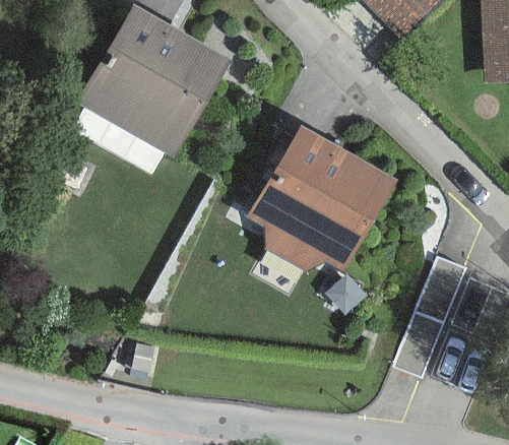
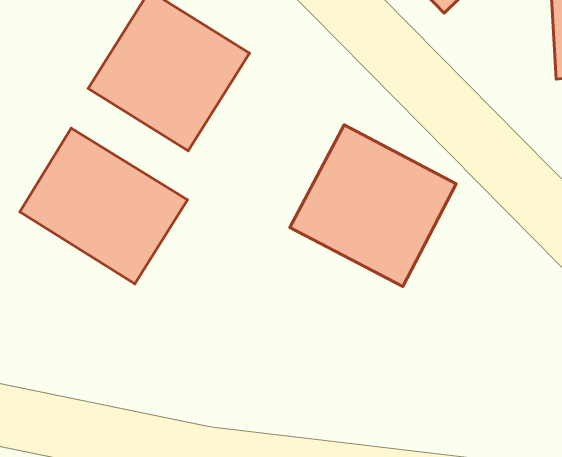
building: none -> [20,128,187,284]

